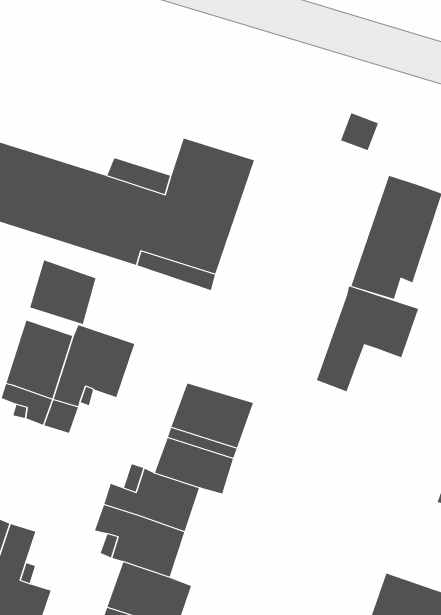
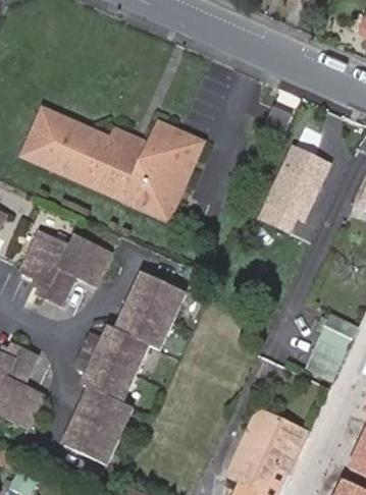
building: [30,260,96,325] -> none
building: [316,286,419,392] -> none

